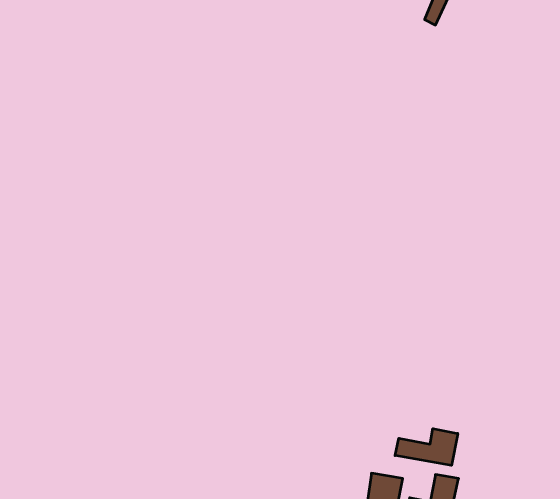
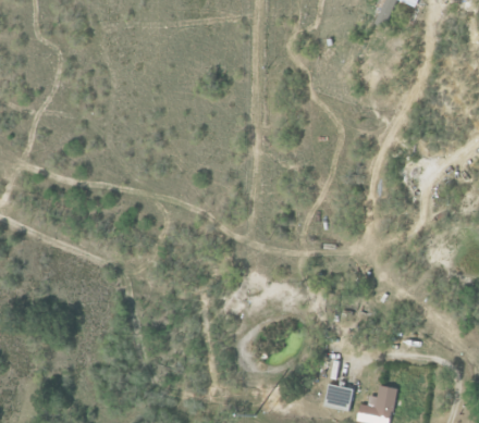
building: [395,429,458,465] -> none

